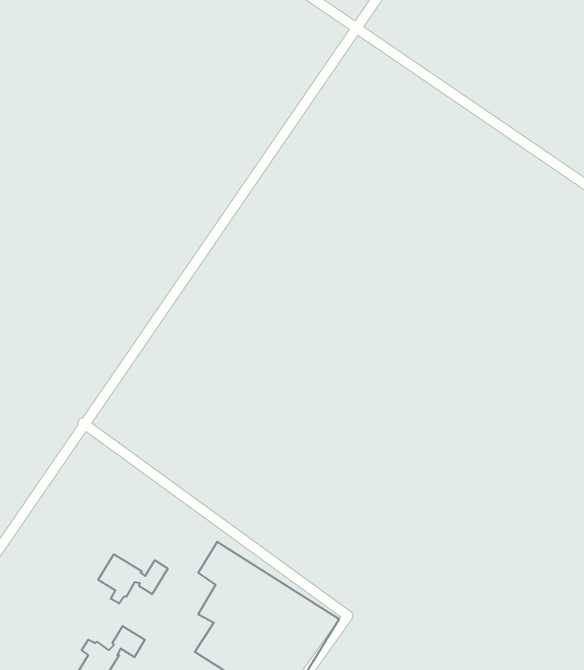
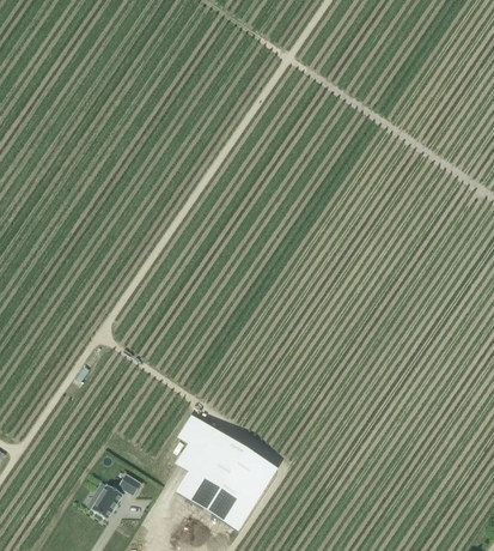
building: [98,554,168,604] -> none

